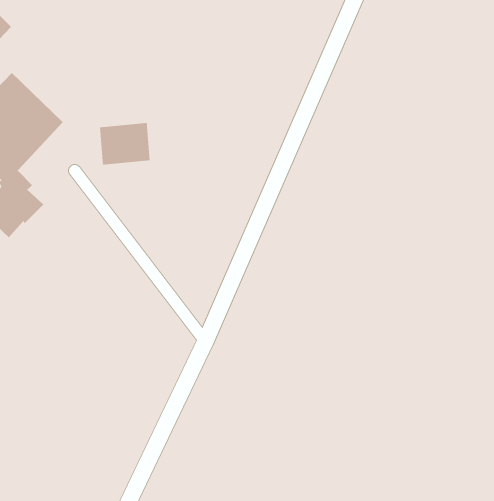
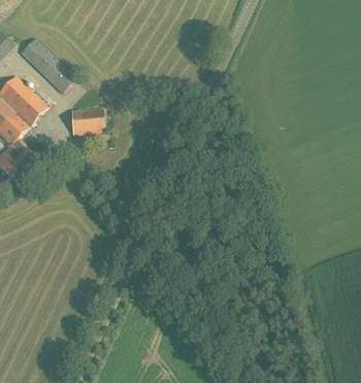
building: none -> [21,37,77,93]

